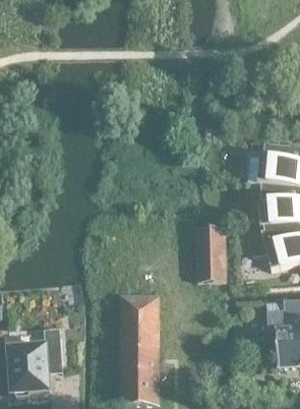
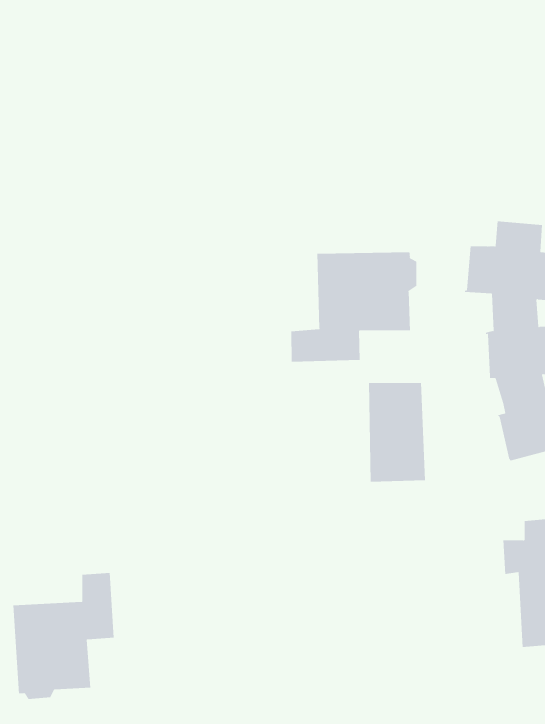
building: none -> [291,251,417,362]
building: [120,292,160,402] -> none

